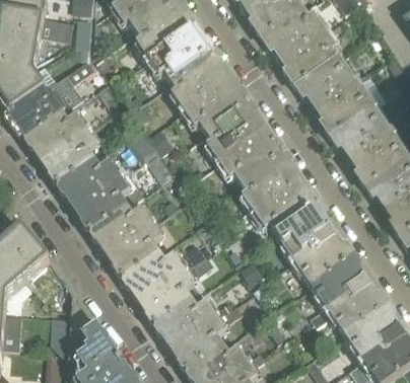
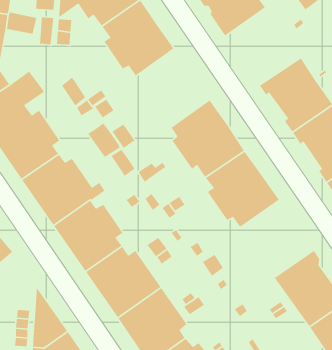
building: [264,9,341,88] -> none
building: [174,51,249,131] -> none
building: [279,204,354,283] -> none

